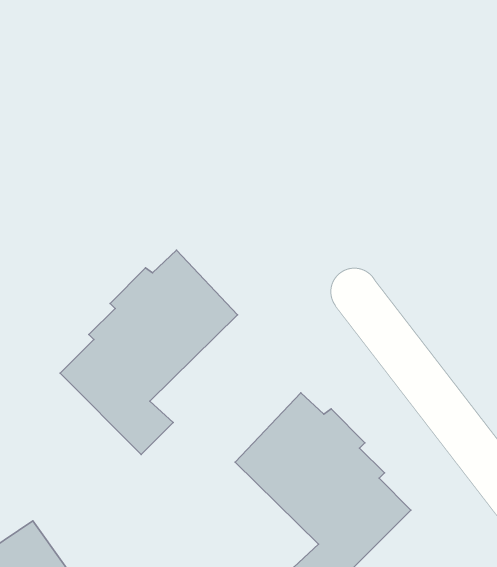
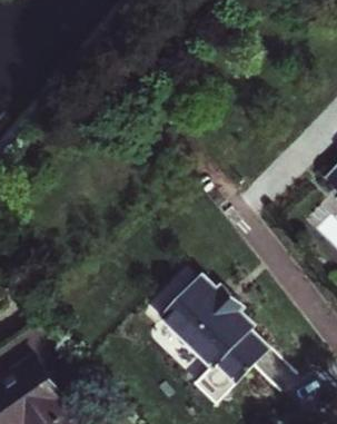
building: [60,250,238,454] -> none

